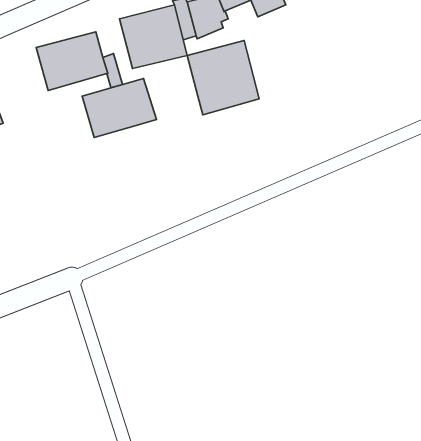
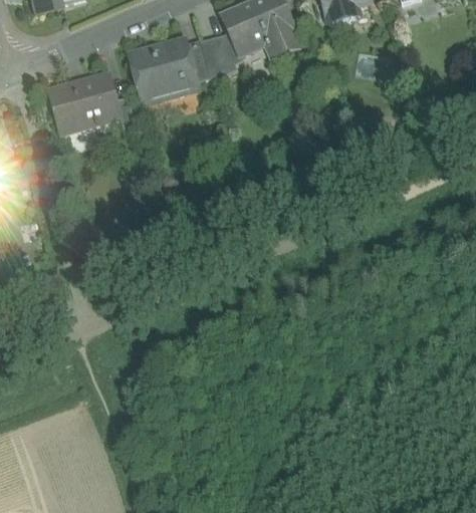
building: [187,41,259,115] -> none
building: [82,78,157,137] -> none

